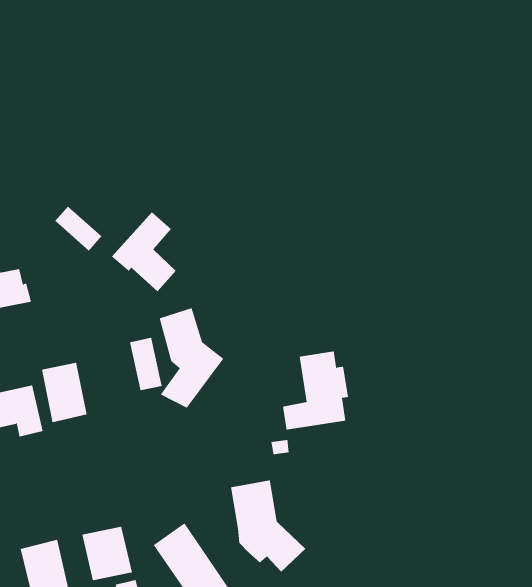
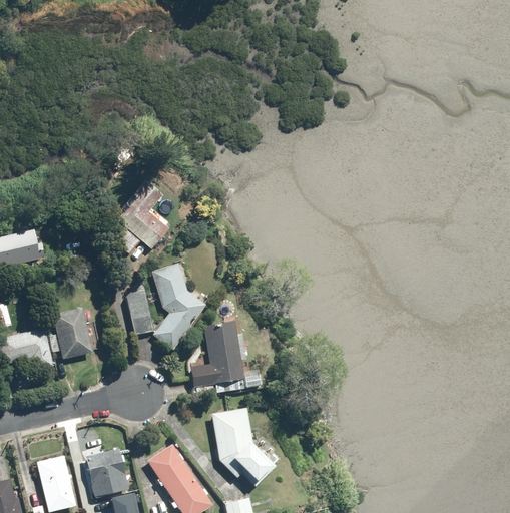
building: [55,206,102,251] -> none
building: [282,351,349,430] -> [190,321,246,388]

